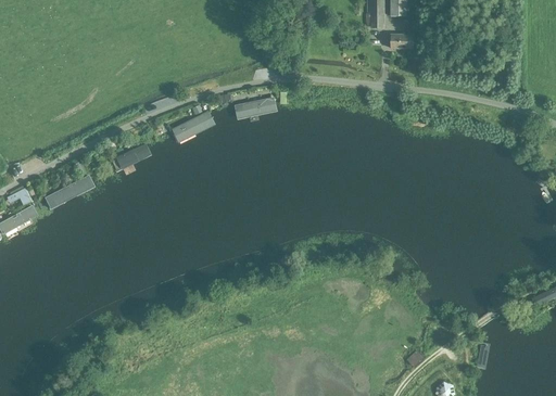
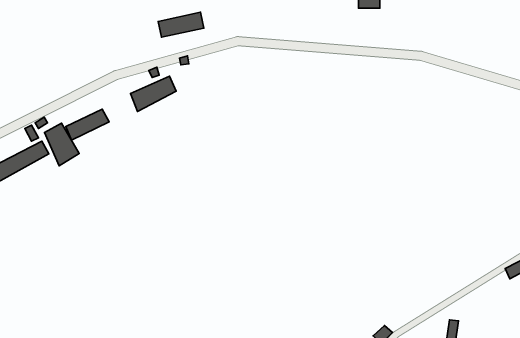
building: [235,97,278,120] -> [158,12,204,37]
building: none -> [44,123,79,166]

